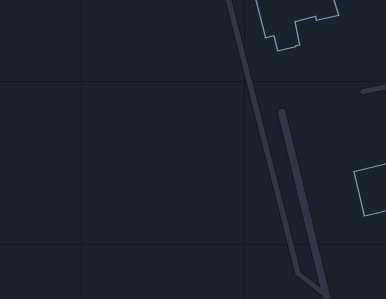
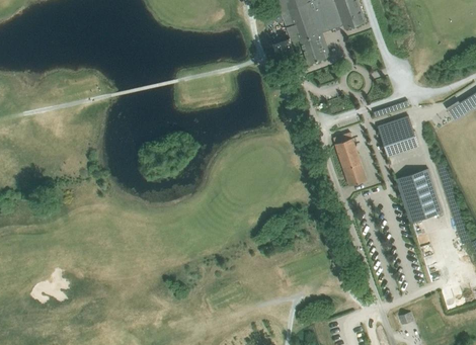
building: none -> [377,115,417,155]
building: none -> [334,136,367,185]

